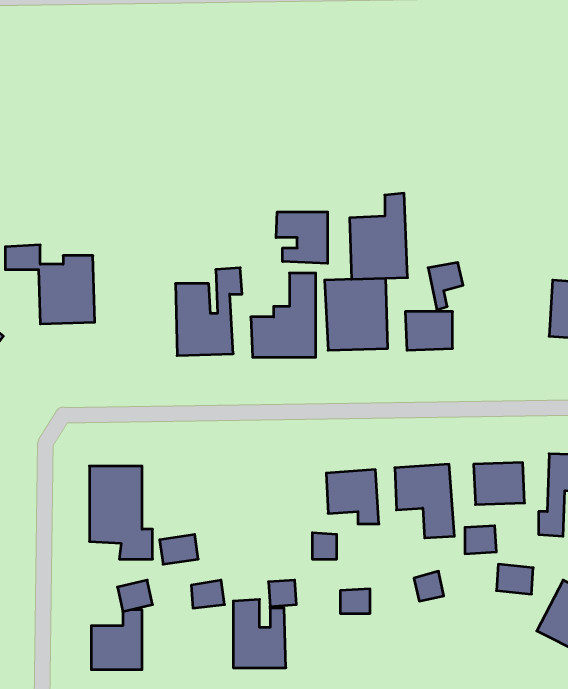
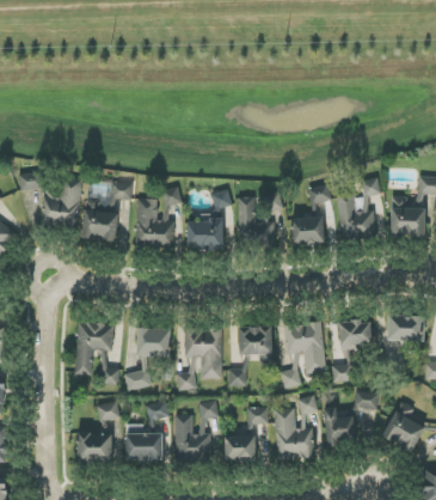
building: [350,193,408,279] -> [338,178,377,237]
building: [276,212,328,263] -> none
building: none -> [82,182,133,242]
building: none -> [136,328,171,358]
building: none -> [177,328,222,391]
building: none -> [281,353,305,389]
building: none -> [274,408,313,457]
building: none -> [325,408,355,443]
building: none -> [125,425,162,461]
building: none -> [225,435,256,462]

